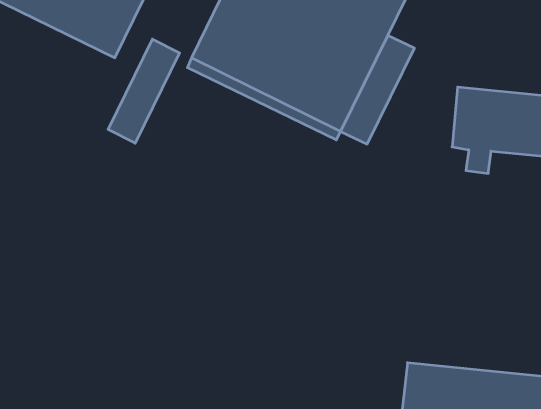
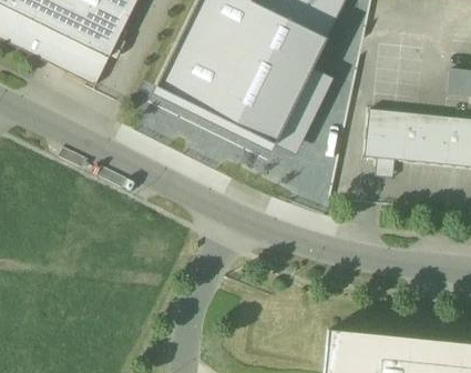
building: [108,39,180,143] -> none

